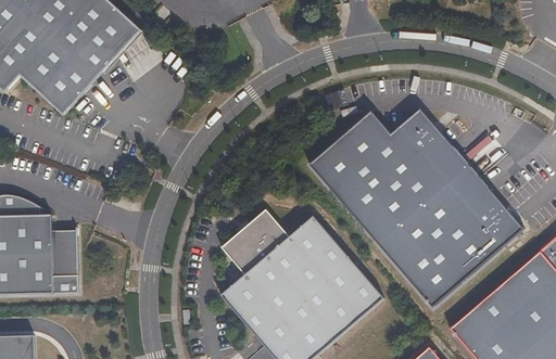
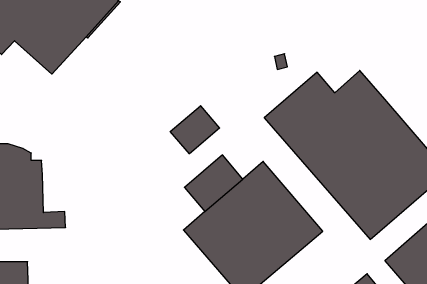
building: none -> [170,106,220,154]
building: [52,229,78,274] -> none

